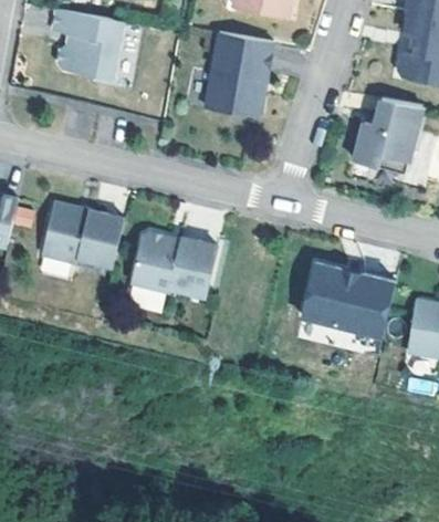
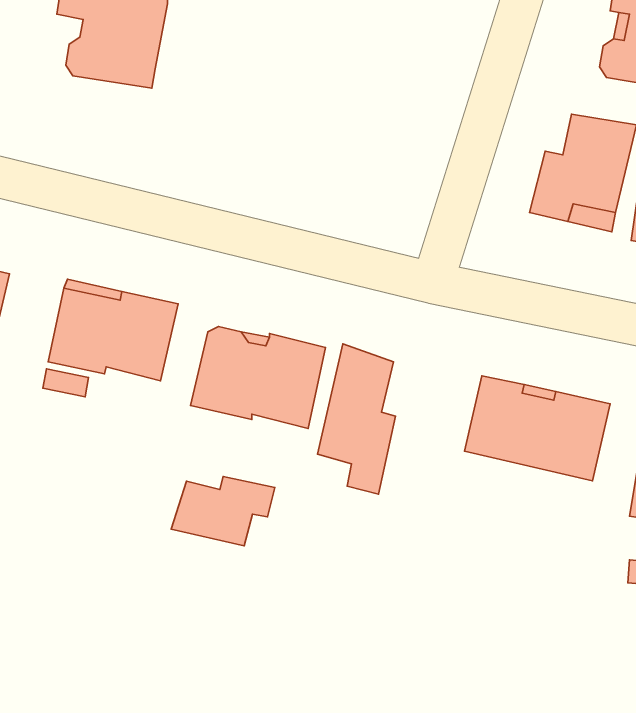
building: [203,35,271,119] -> none
building: none -> [318,344,395,494]
building: none -> [171,476,275,546]

